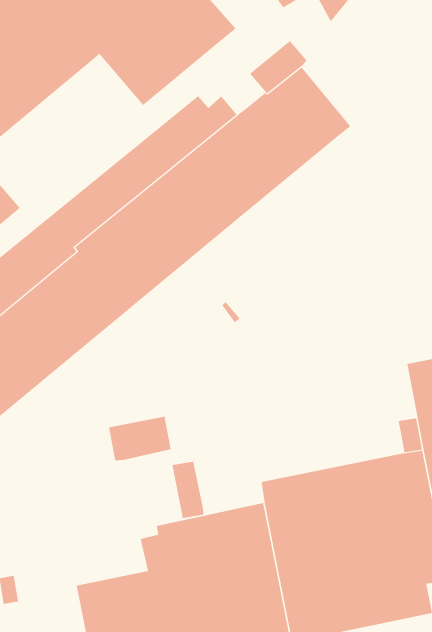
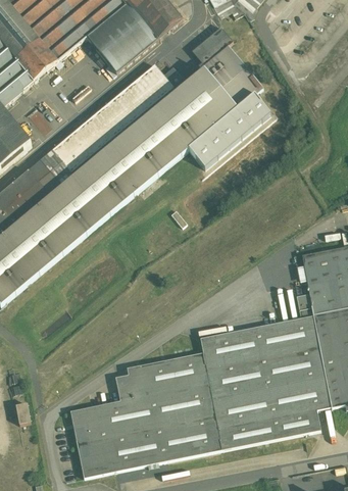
building: none -> [189,96,270,170]
building: [109,416,171,461] -> none
building: [172,461,204,519] -> none

